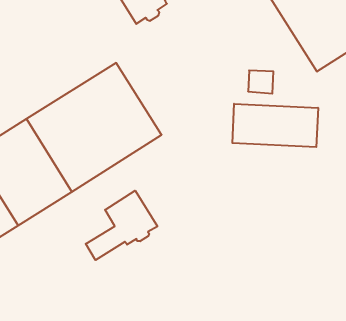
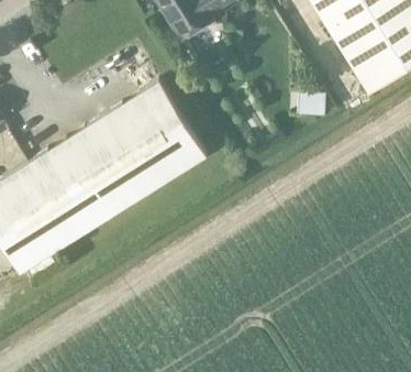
building: [232,104,318,147] -> none
building: [86,191,157,260] -> none

